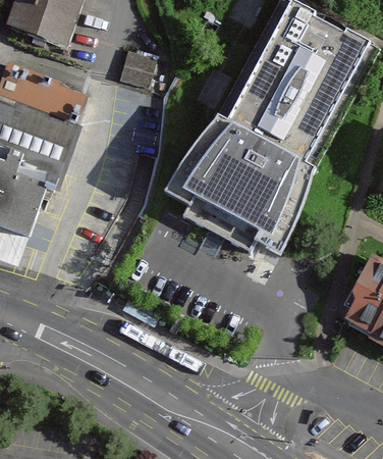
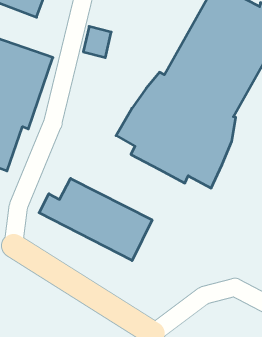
building: none -> [39,178,152,261]

